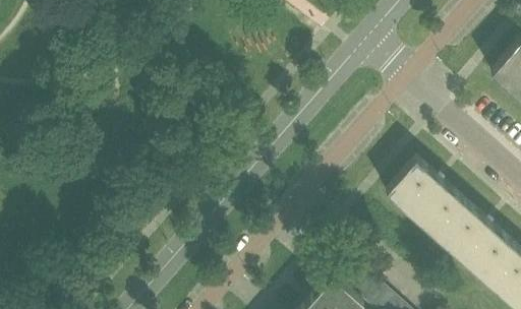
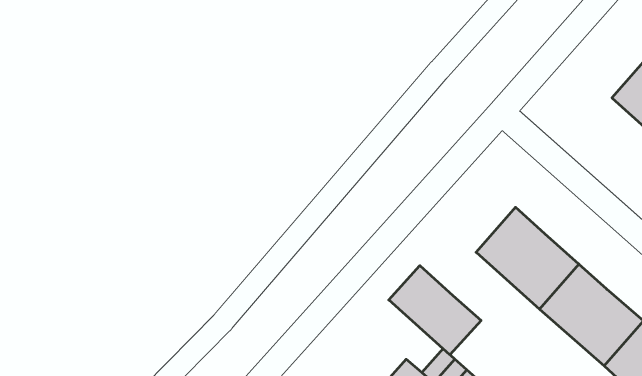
building: none -> [389,266,481,355]

